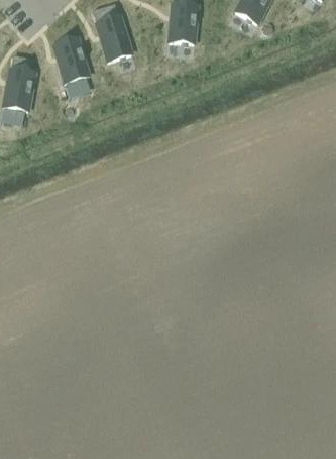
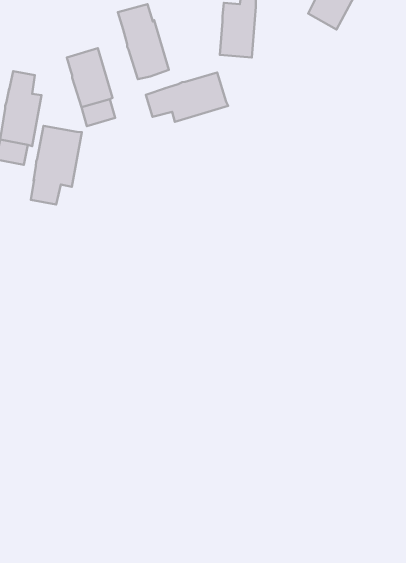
building: none -> [146,73,228,122]
building: none -> [31,126,82,204]

